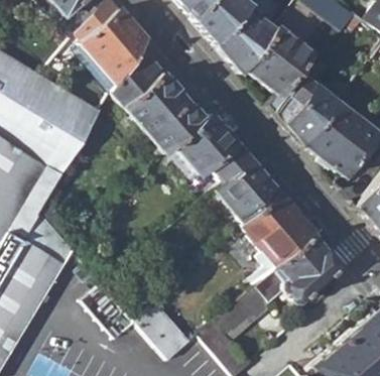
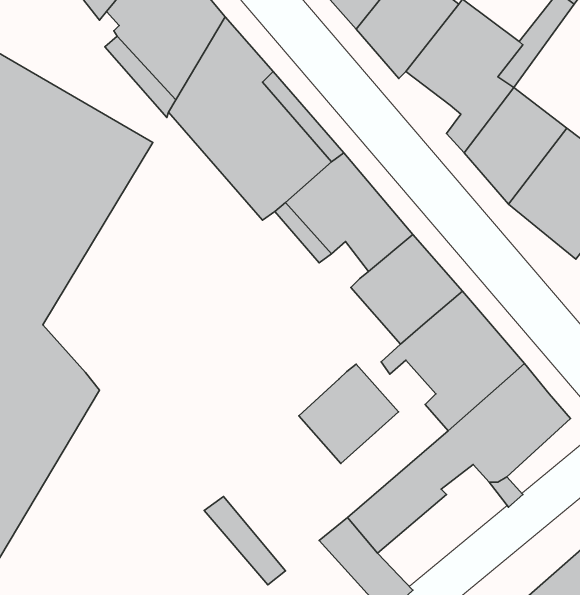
building: none -> [299,364,398,463]

